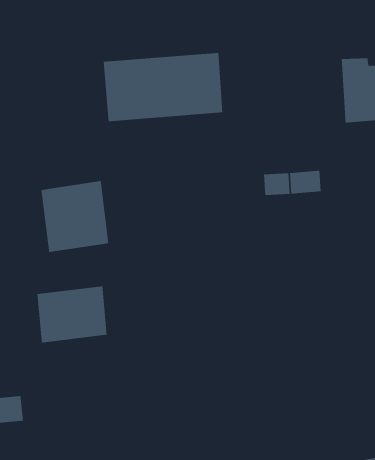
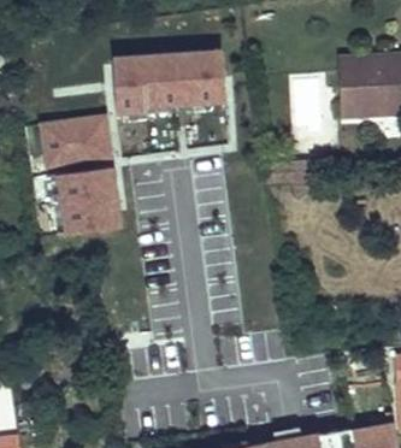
building: none -> [40,112,113,170]
building: [37,285,108,343] -> none

